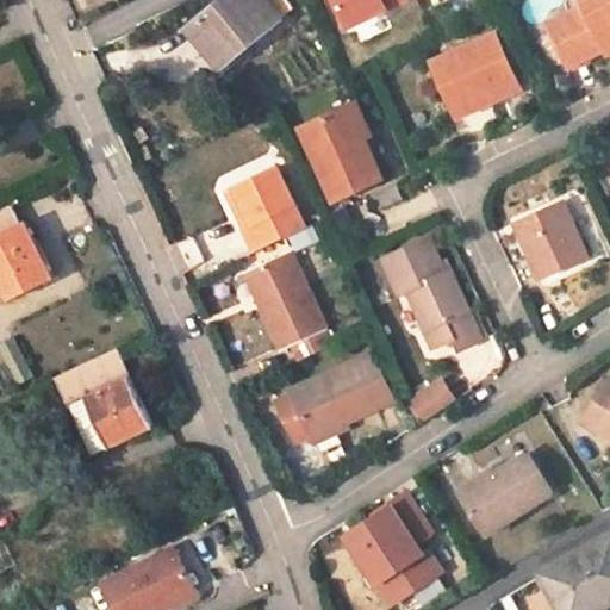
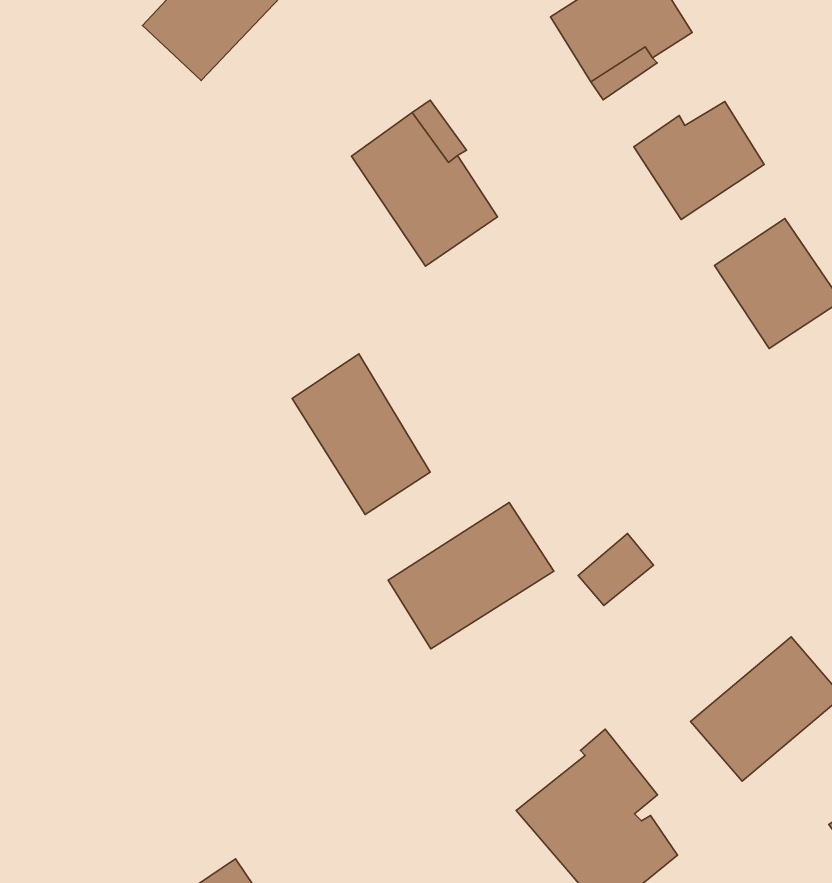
building: none -> [634,102,764,219]
building: [230,167,305,253] -> none
building: [380,235,474,347] -> none
building: [57,354,150,449] -> none

